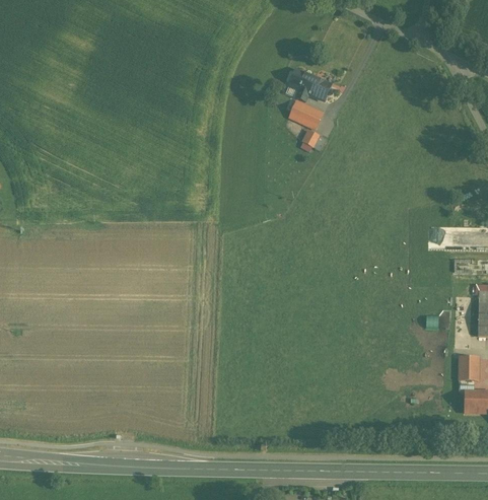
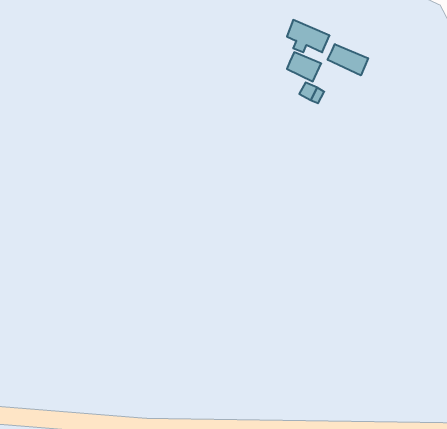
building: none -> [328,44,368,75]

